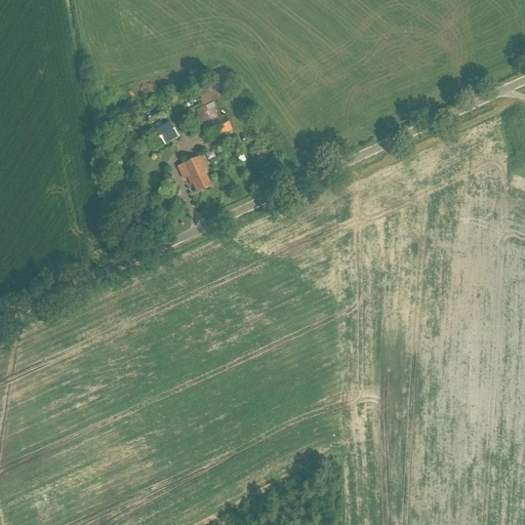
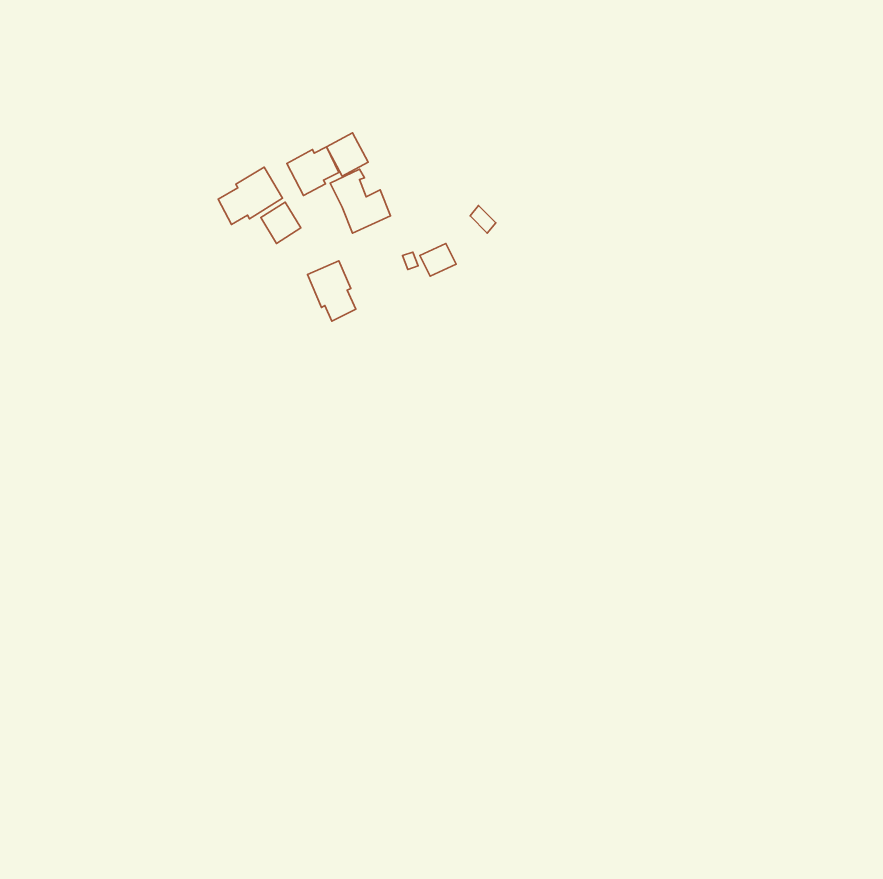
building: none -> [287,147,339,196]
building: none -> [218,167,282,224]

